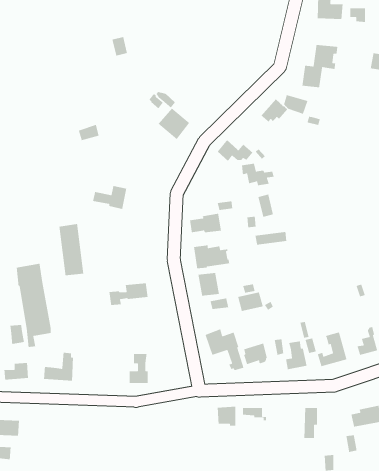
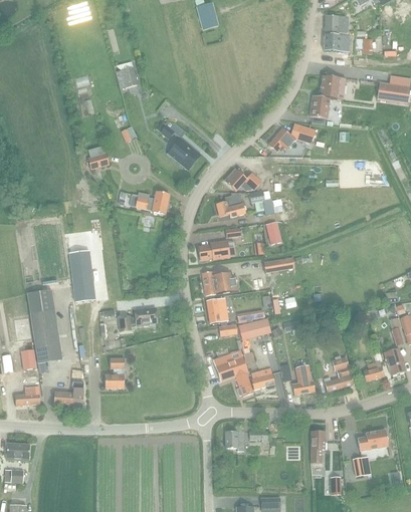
building: none -> [217,193,245,217]
building: [92,185,127,210] -> [136,191,170,215]
building: [129,353,148,384] -> [106,357,125,388]

